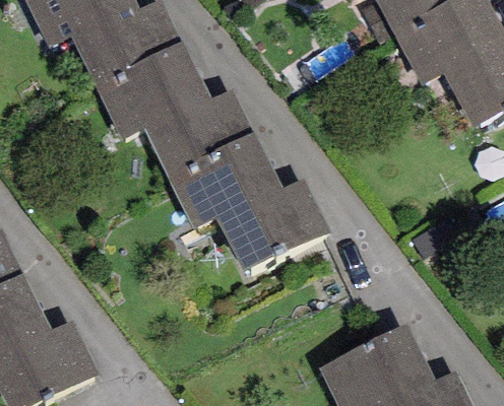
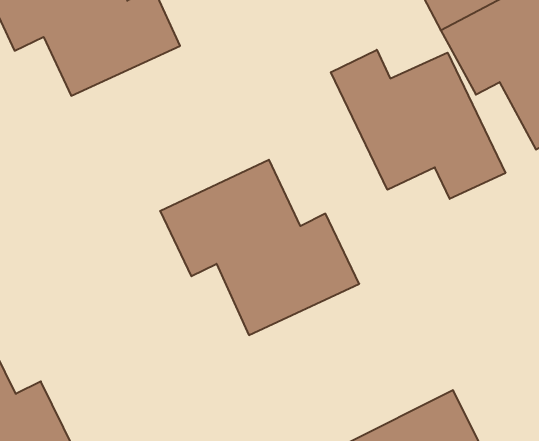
building: [94,44,255,178] -> none
building: none -> [331,50,505,199]

